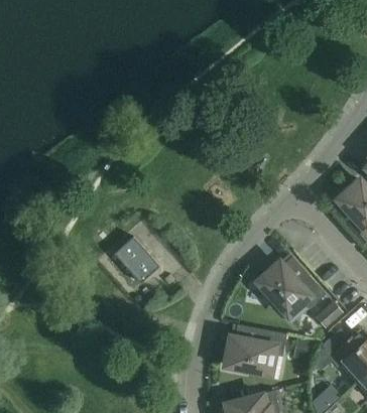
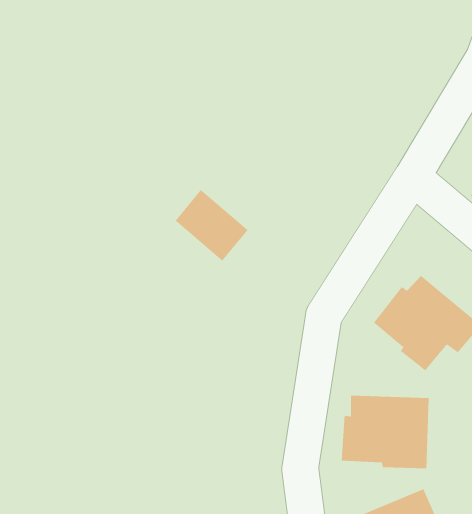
building: [114,235,159,282] -> [175,189,249,262]

